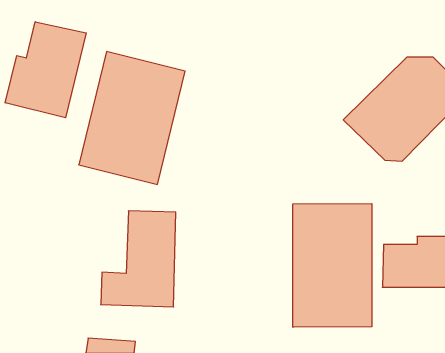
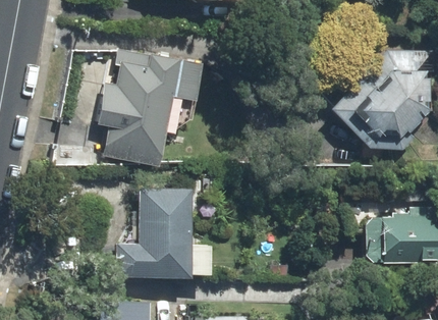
building: [5,22,86,118] -> none
building: [293,204,372,327] -> none

